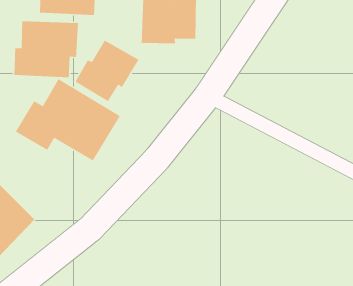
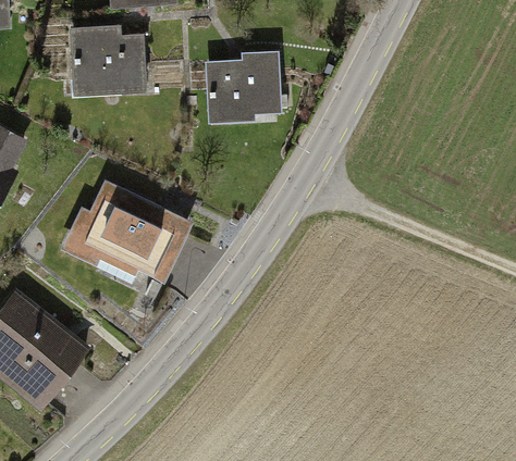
building: [13,21,79,78] -> none
building: [74,39,139,102] -> none

